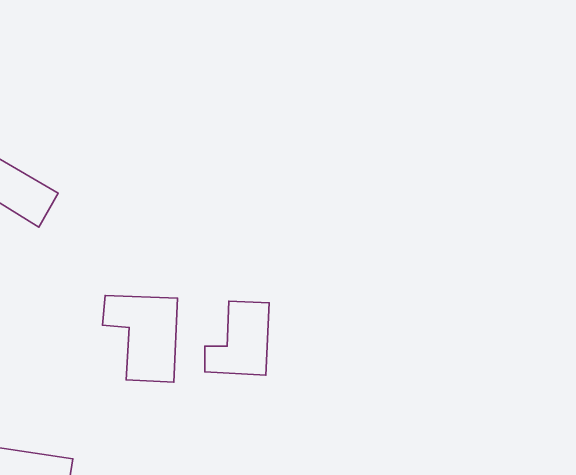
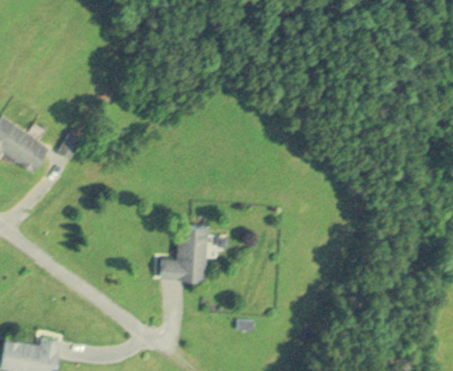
building: [103,296,177,382] -> none

